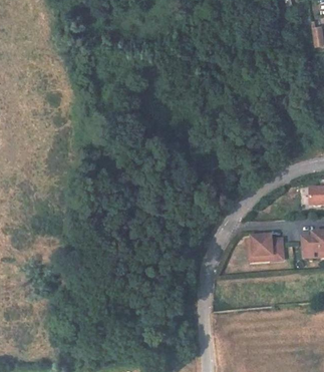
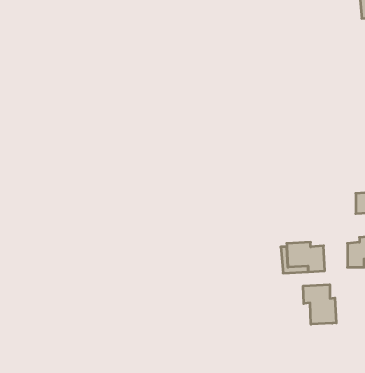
building: none -> [303,285,336,324]

